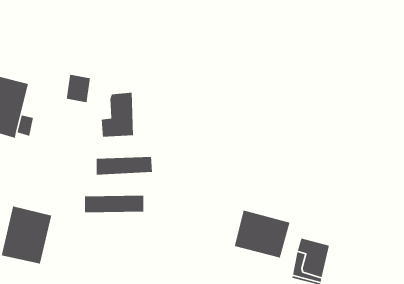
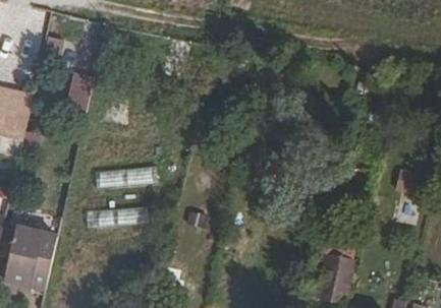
building: [101,92,134,137] -> none
building: [234,210,291,259] -> none

